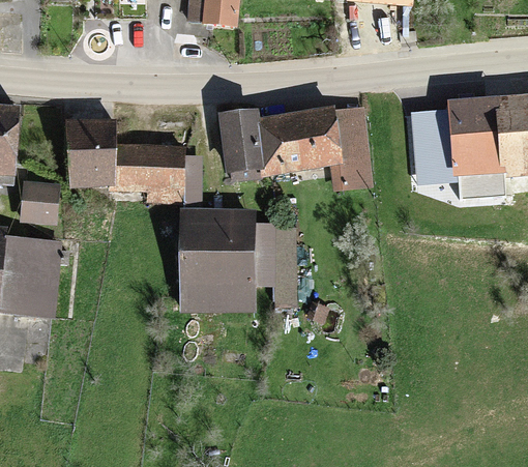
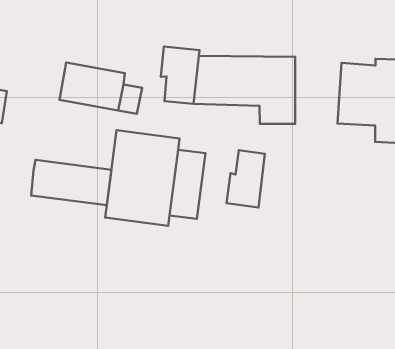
building: [67,122,118,187] -> none
building: none -> [227,150,265,207]
building: none -> [31,160,111,205]

